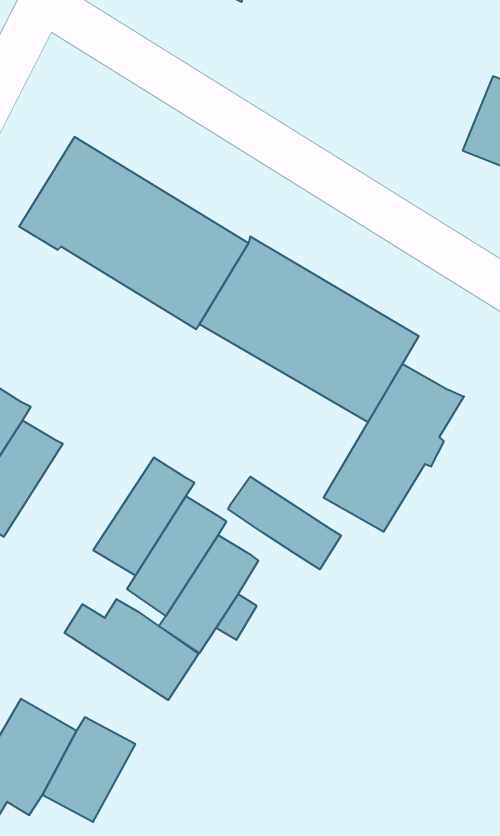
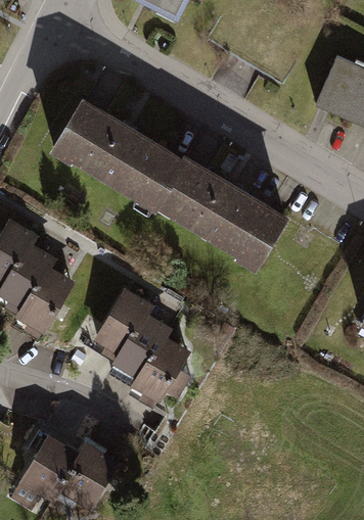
building: [324,364,464,532] -> none
building: [228,477,341,569] -> none
building: [65,599,199,700] -> none

